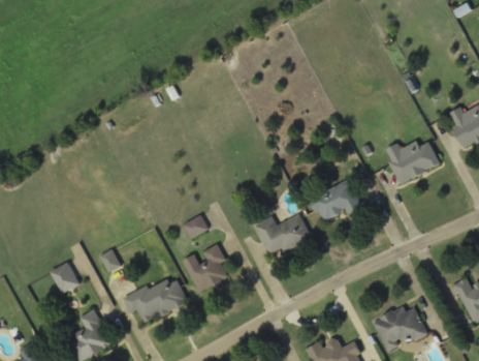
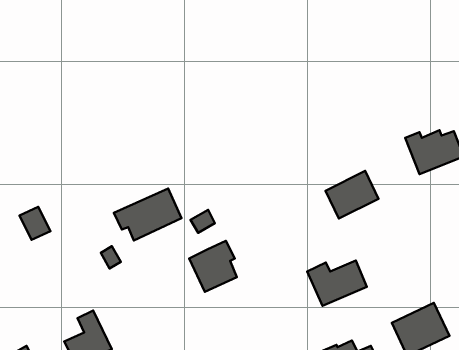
building: [255,213,311,255] -> [307,260,367,306]
building: [51,262,79,293] -> [19,207,50,240]
building: [124,274,187,323] -> [114,188,181,240]

